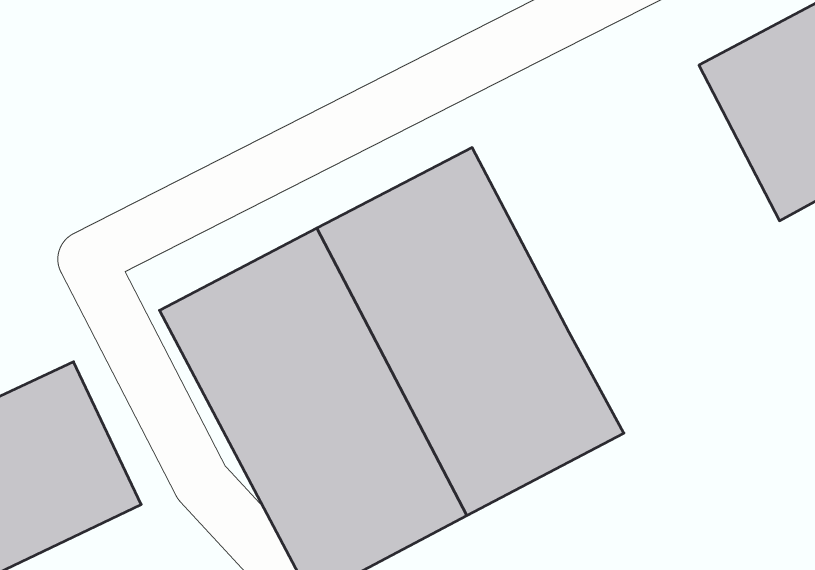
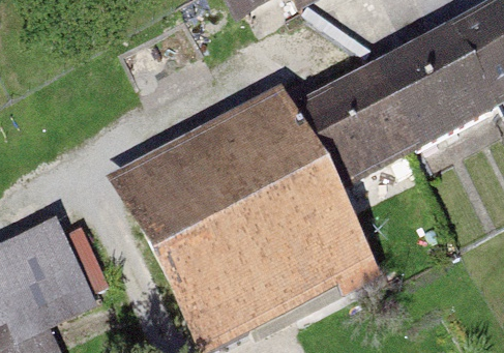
building: none -> [314,50,465,193]

